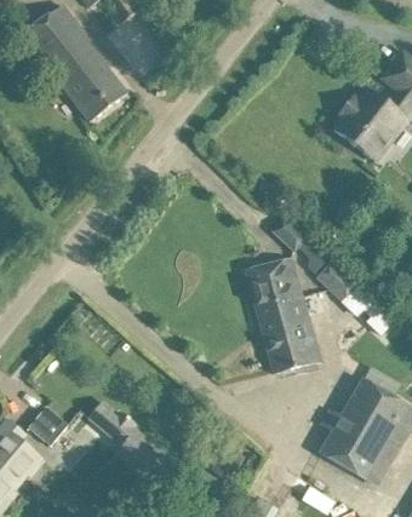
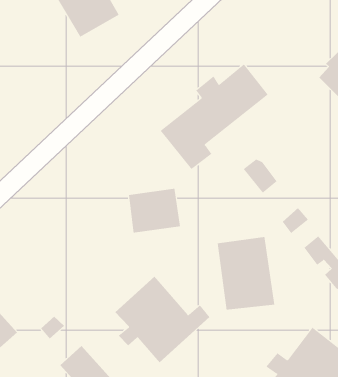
building: none -> [160,64,269,170]
building: [246,257,303,308] -> [128,188,181,233]
building: none -> [114,276,210,363]

